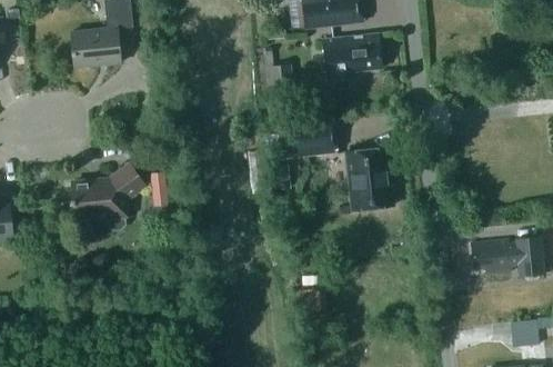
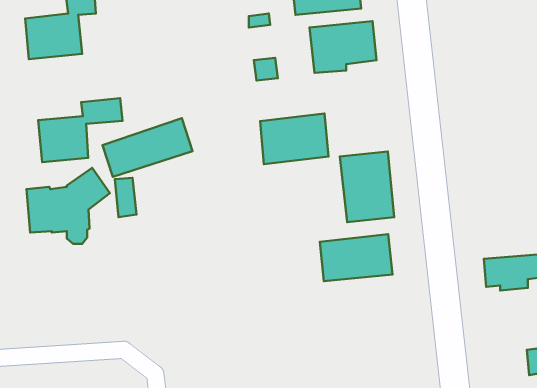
building: none -> [38,98,122,162]
building: none -> [103,118,193,177]
building: none -> [320,234,393,281]

